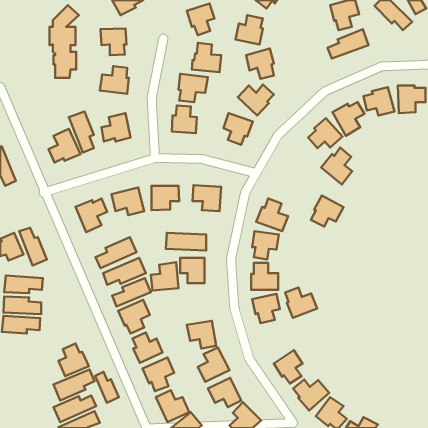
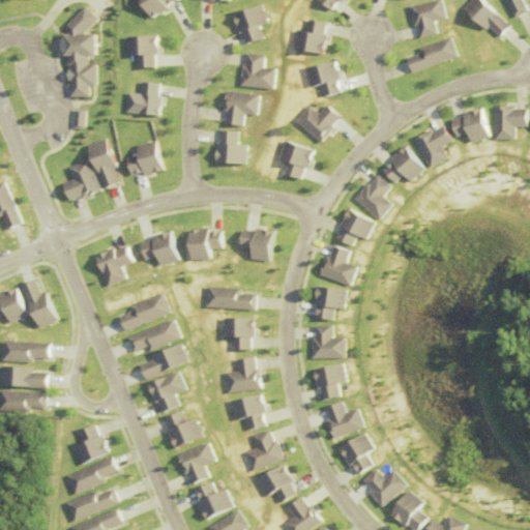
building: [321,148,352,184] -> [352,175,390,220]
building: [311,195,343,226] -> [333,208,374,246]
building: [151,262,179,291] -> [226,357,260,392]
building: [285,288,317,318] -> [324,402,363,439]
building: [95,372,119,403] -> none

